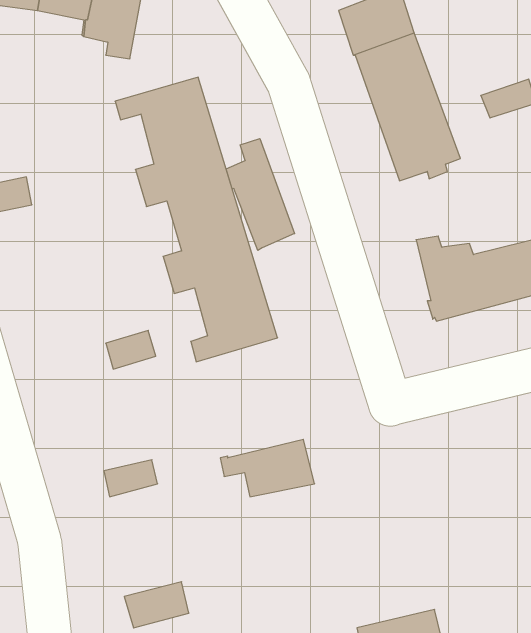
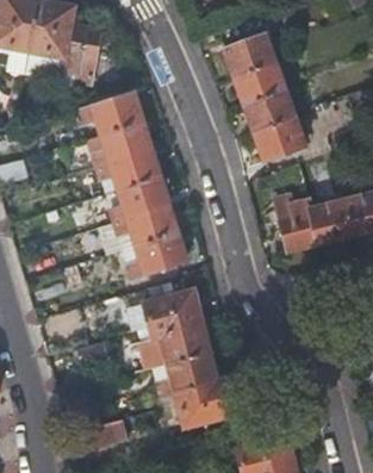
building: [226,139,295,250] -> none
building: none -> [143,290,201,338]
building: none -> [158,355,232,425]

